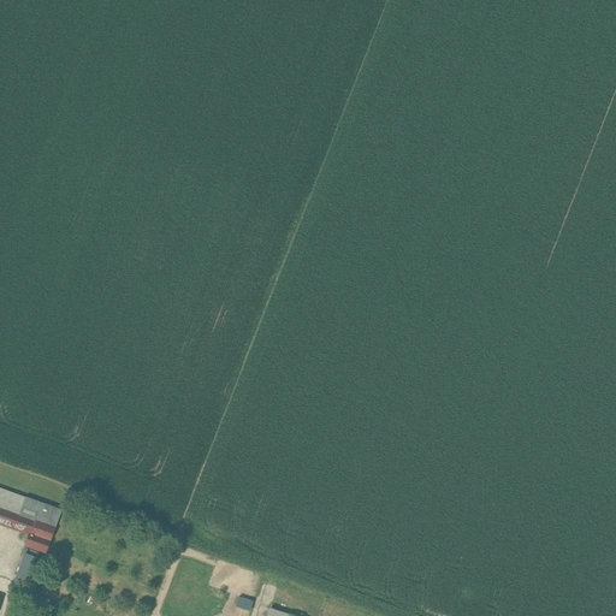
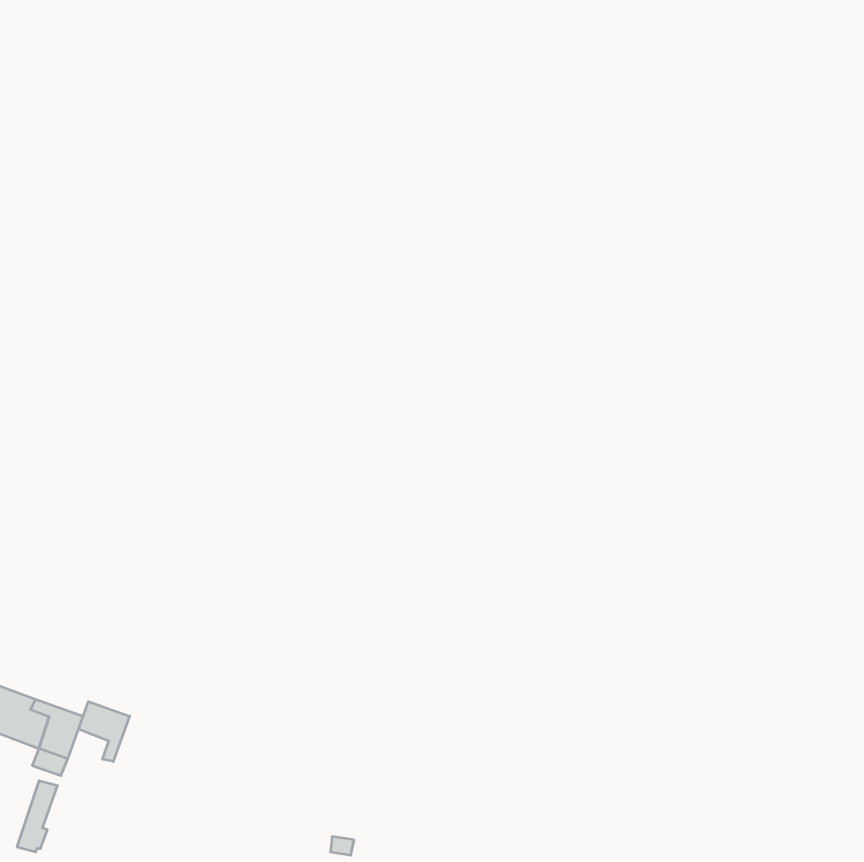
building: none -> [78,702,130,762]

